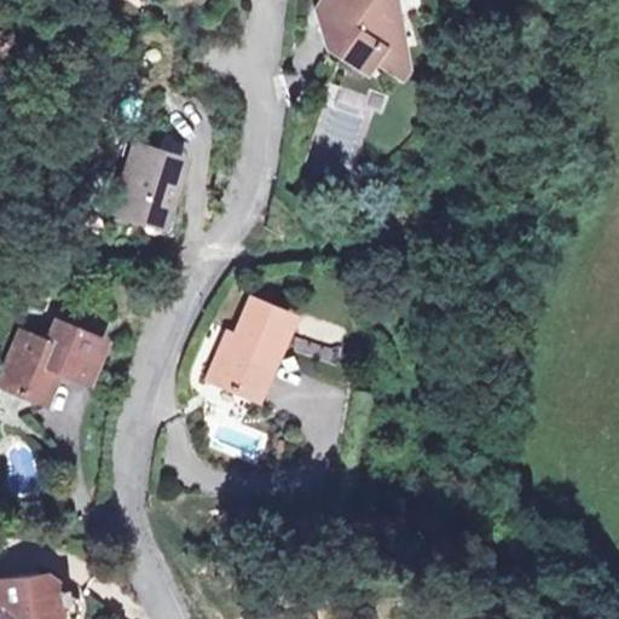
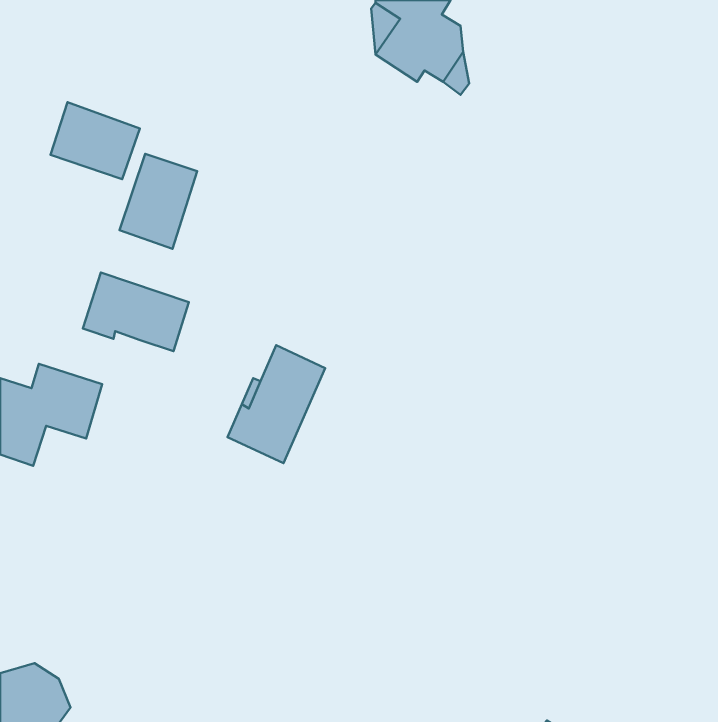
building: none -> [50,102,140,179]
building: none -> [83,272,189,351]

